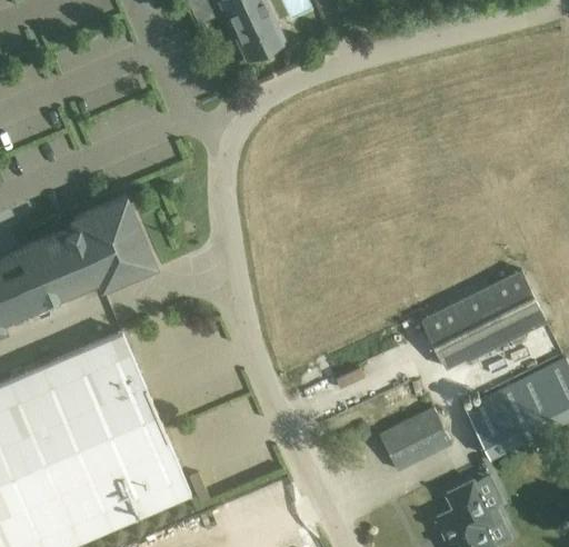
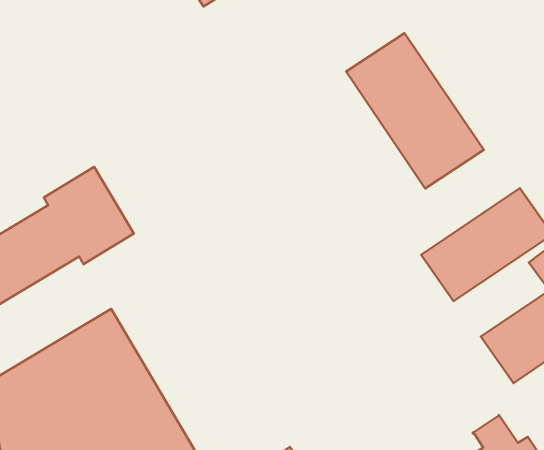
building: none -> [346,33,484,188]
building: [380,410,452,474] -> none

